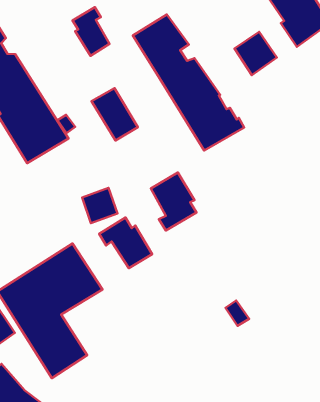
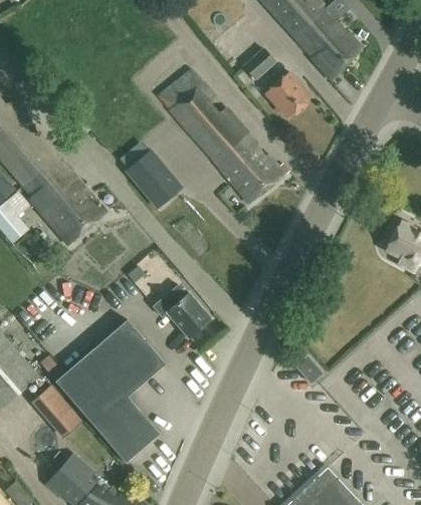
building: none -> [243,49,275,80]
building: [72,7,110,56] -> none
building: [151,172,197,231] -> none

